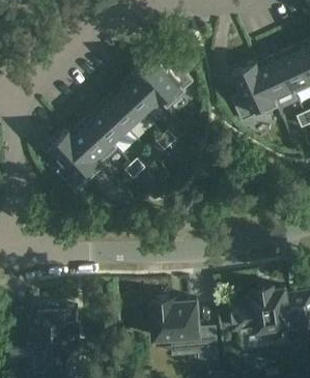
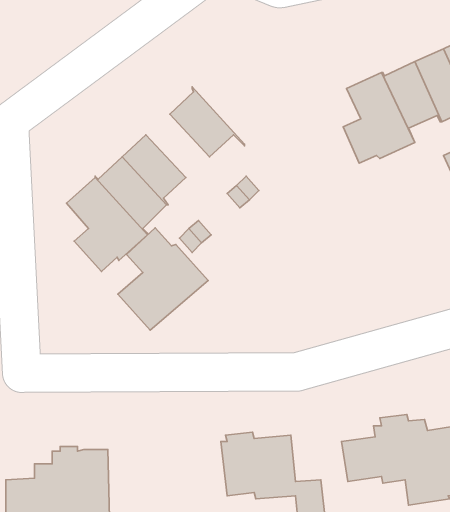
building: [133,55,193,109] -> none
building: [103,89,144,130] -> none
building: none -> [118,228,208,330]

